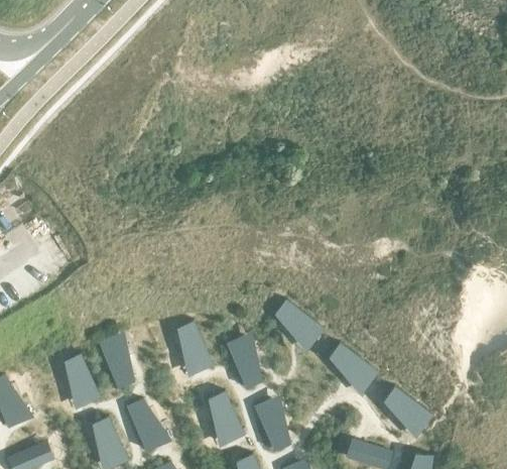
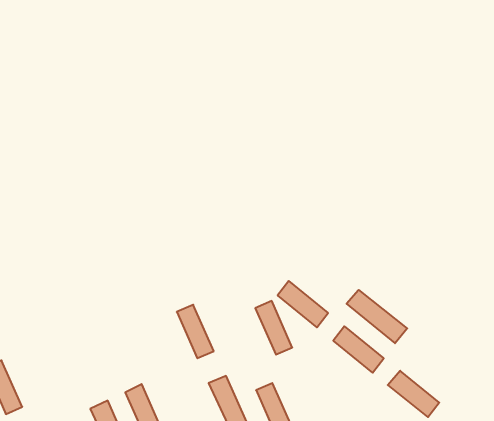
building: none -> [347,290,407,343]
building: [226,336,262,388] -> [255,301,292,355]
building: [99,338,135,390] -> none
building: [65,354,102,406] -> none

